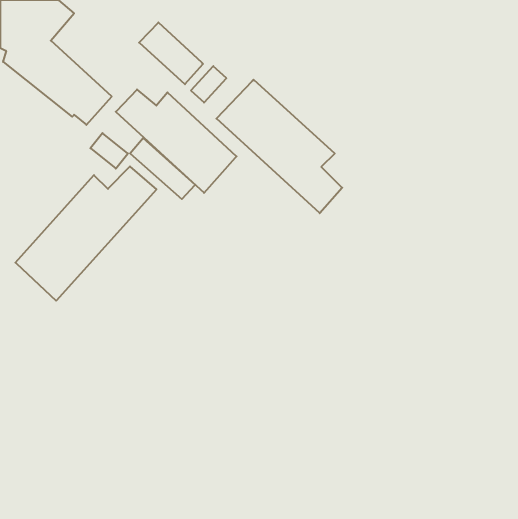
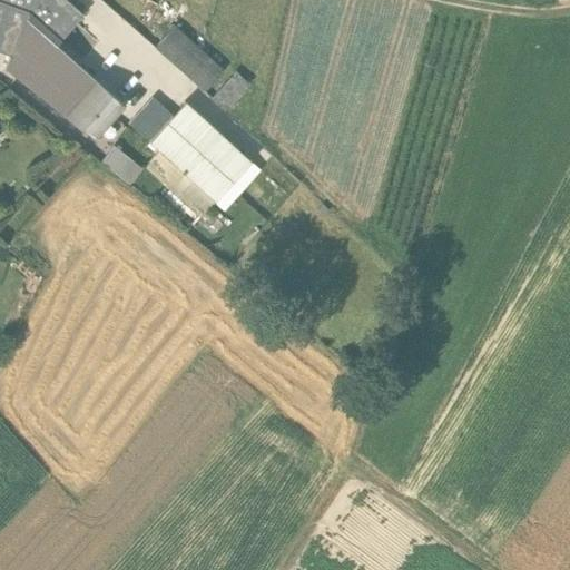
building: [216,80,342,213] -> none
building: [15,166,156,301] -> none

